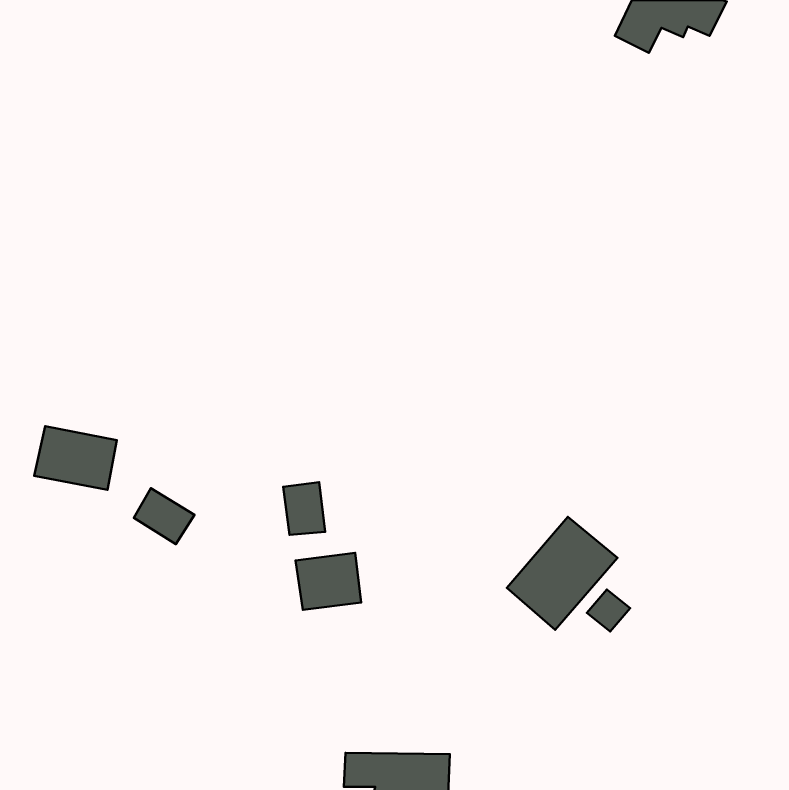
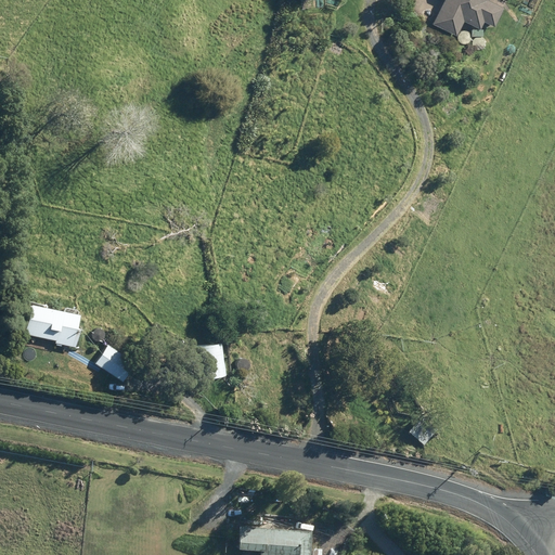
building: [507,517,618,630] -> none
building: [296,553,361,610] -> none

